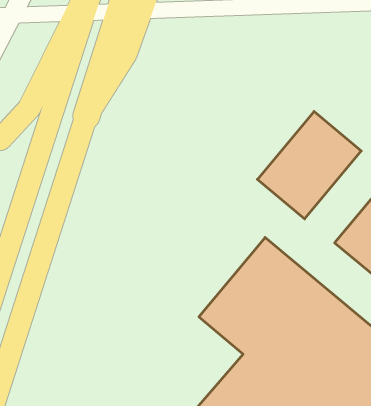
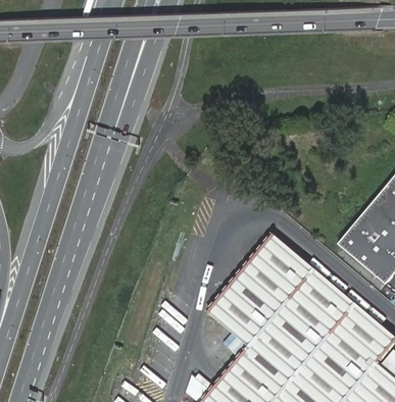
building: [257,111,361,219] -> none

